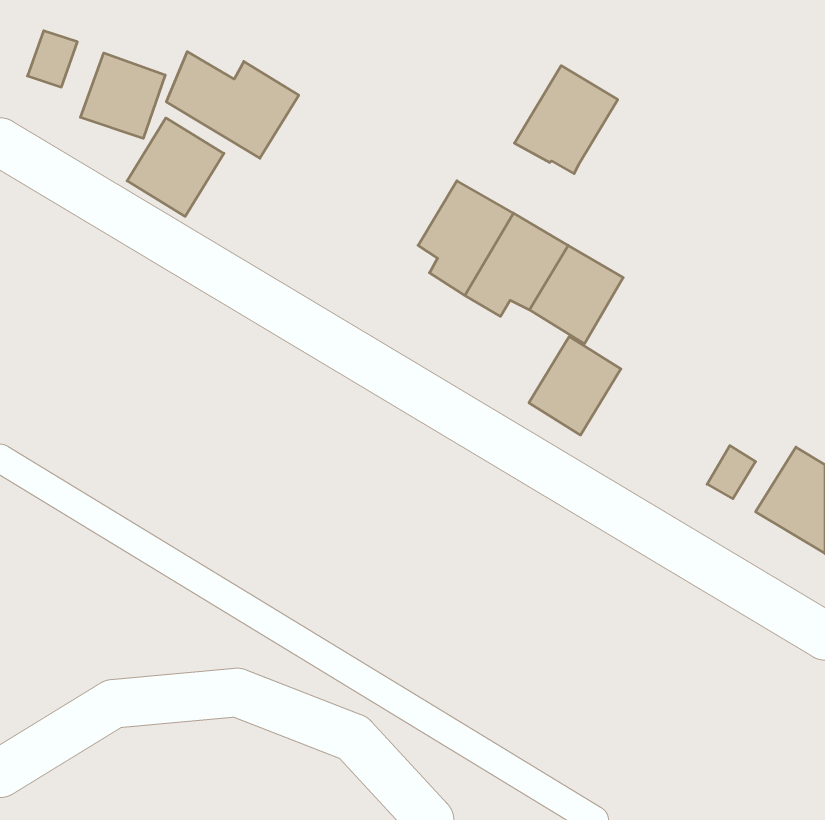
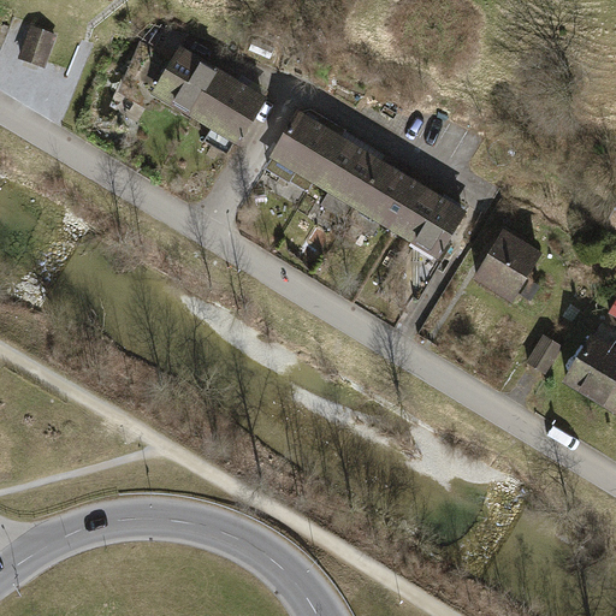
building: [80,53,165,138] -> none
building: [514,66,618,174] -> [263,109,340,190]
building: [127,118,224,216] -> [194,71,266,144]
building: [529,337,621,435] -> [475,229,544,302]

